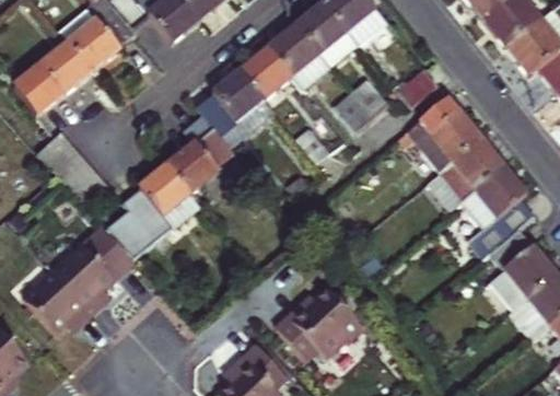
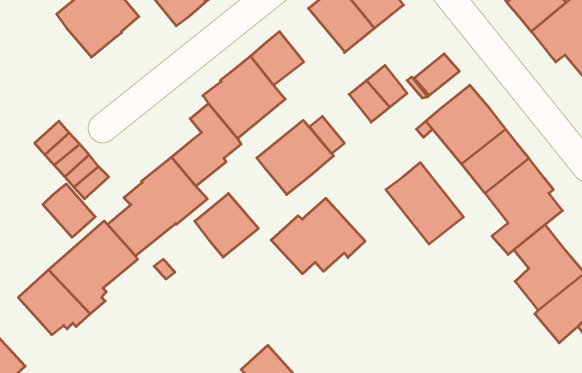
building: [268,25,329,89] -> none
building: [13,43,91,114] -> none
building: none -> [257,120,334,195]
building: none -> [386,163,463,244]
building: none -> [43,184,95,237]
building: none -> [195,193,258,257]
building: [276,287,364,358] -> [271,198,365,274]

